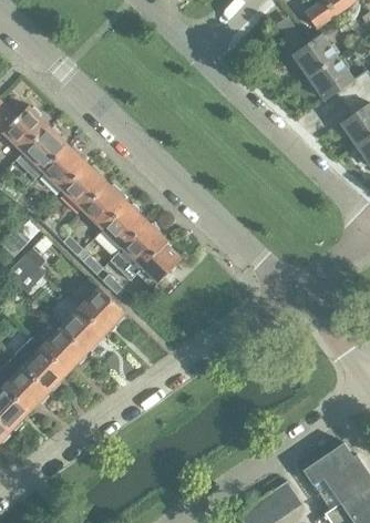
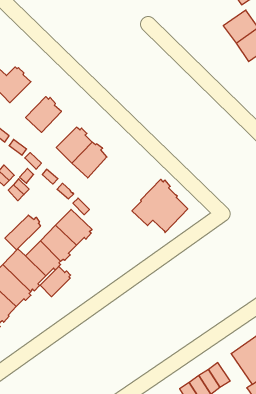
building: [16,125,68,178] -> none
building: [62,163,106,208] -> none
building: [110,221,181,288] -> [132,179,188,233]
building: none -> [5,215,40,250]
building: none -> [40,266,71,297]

